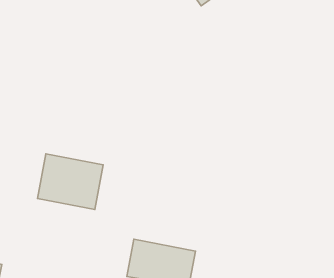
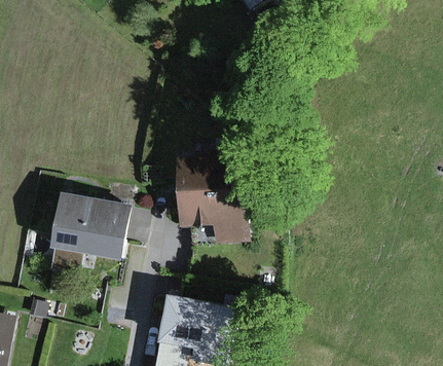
building: none -> [172,166,239,231]

